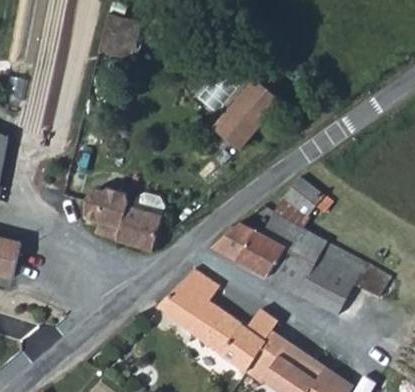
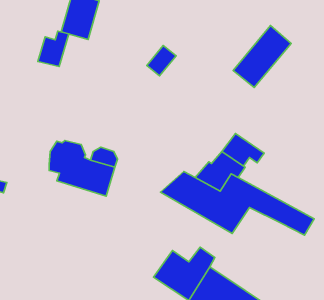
building: none -> [38,31,69,67]
building: [213,77,280,149] -> [233,26,291,88]
building: [297,264,354,314] -> none
building: [161,269,228,345] -> none

